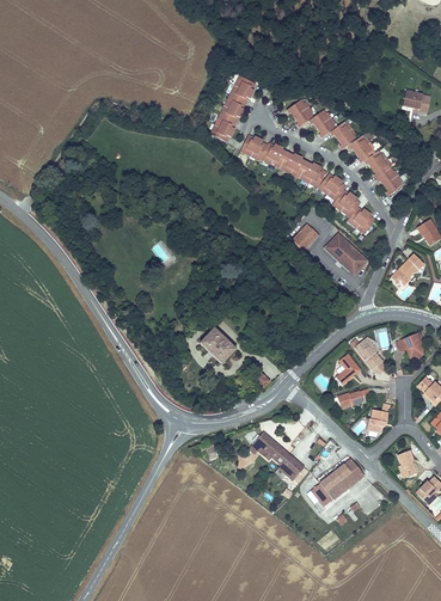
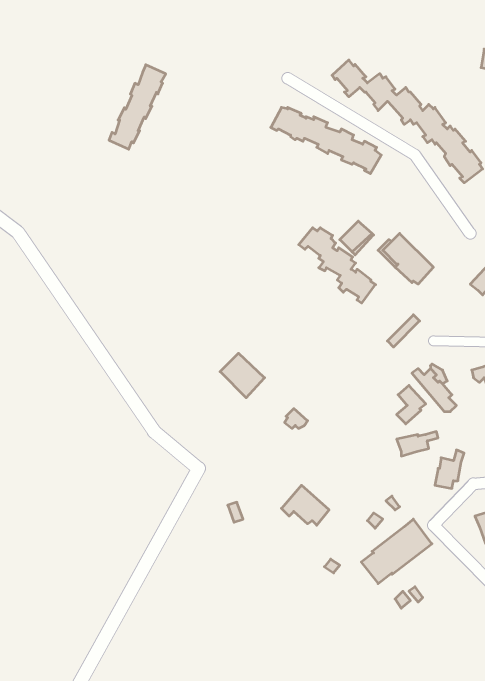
building: [210,75,255,141] -> [109,65,166,149]
building: [317,174,376,233] -> [299,228,376,303]
building: [275,449,307,482] -> none

